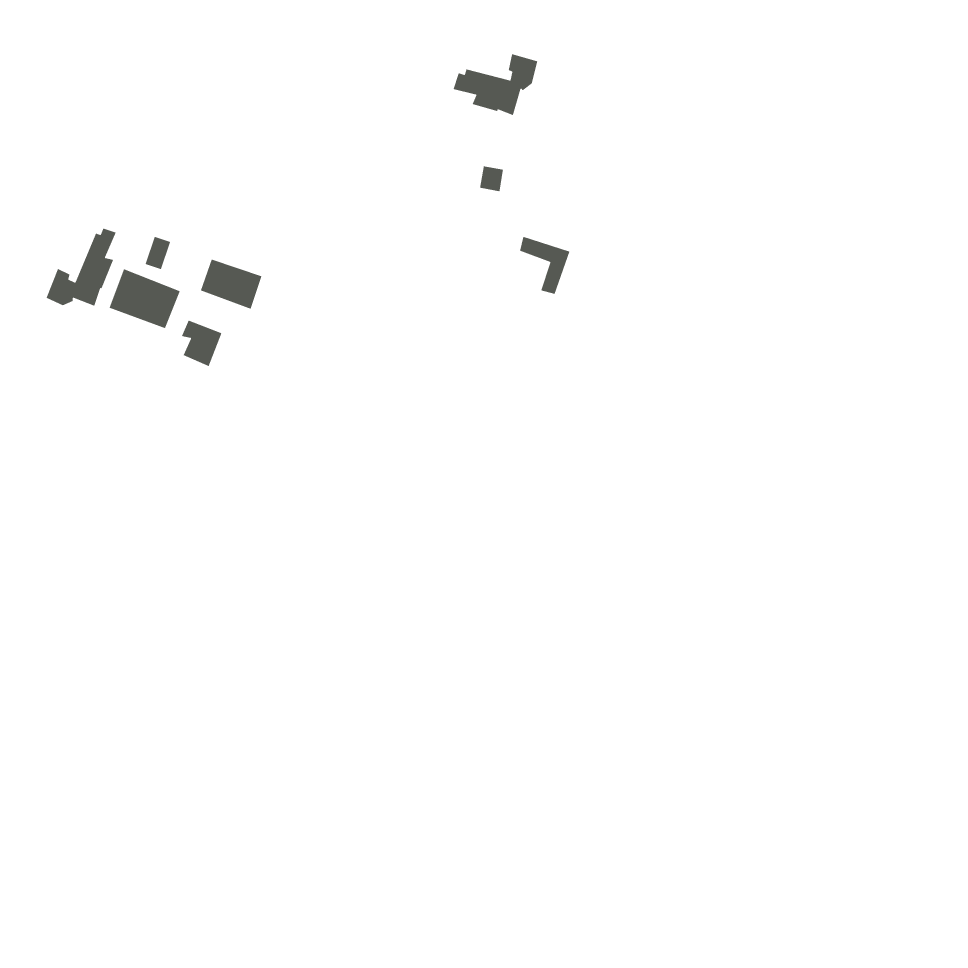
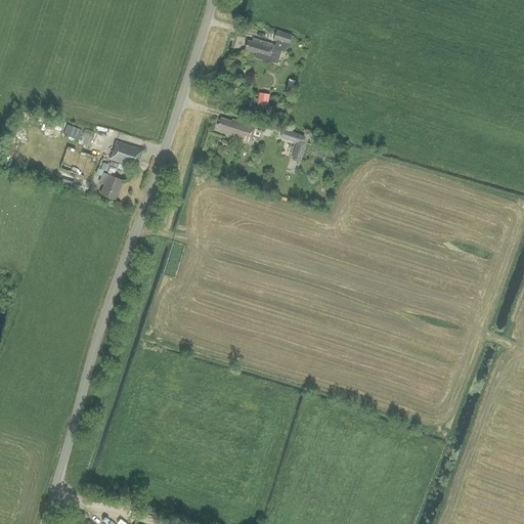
building: none -> [216,117,256,141]
building: [45,227,117,307] -> none

